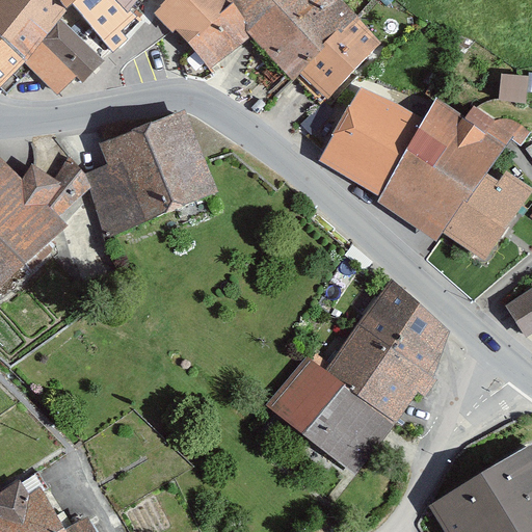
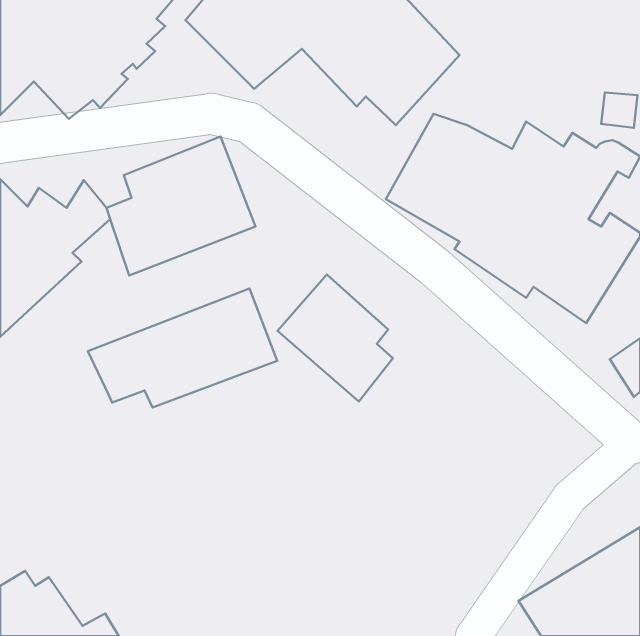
building: none -> [277,275,393,402]
building: none -> [88,289,277,408]
building: [265,273,450,470] -> none

